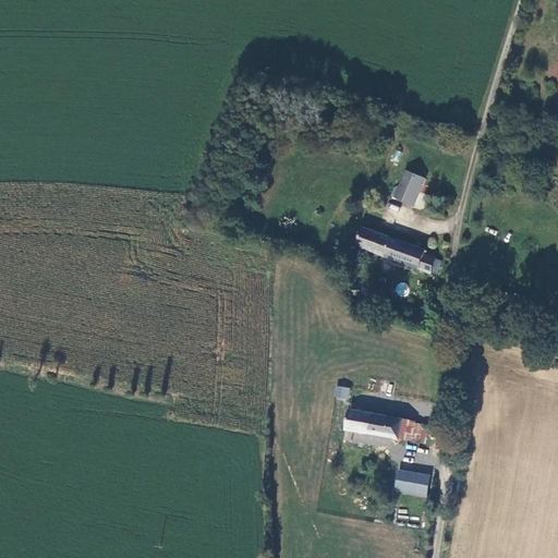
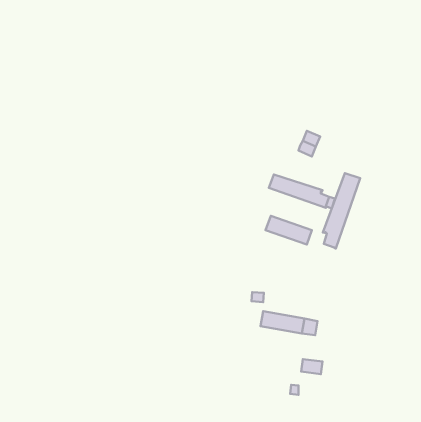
building: none -> [323,173,360,249]
building: none -> [266,216,312,244]

